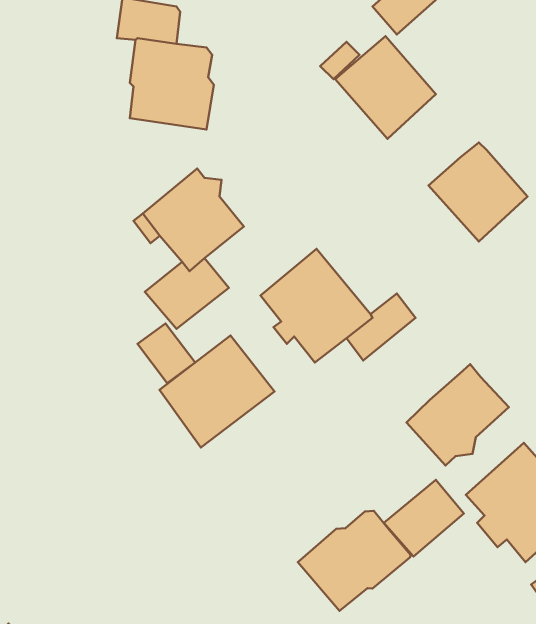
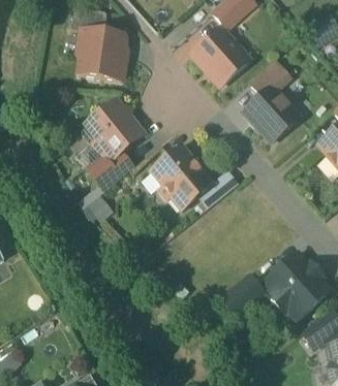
building: none -> [249,59,291,95]
building: [160,335,274,447] -> none
building: [407,364,509,465] -> none
building: [298,511,411,611] -> none

